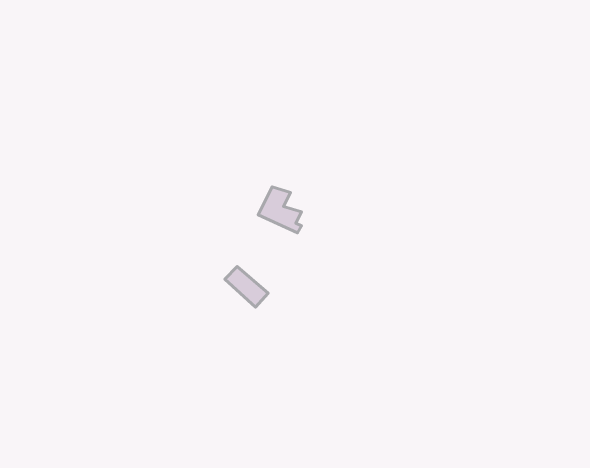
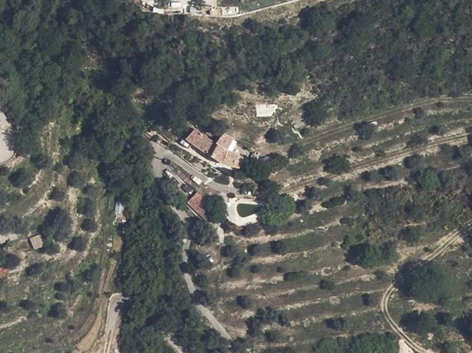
building: none -> [182,129,213,155]

